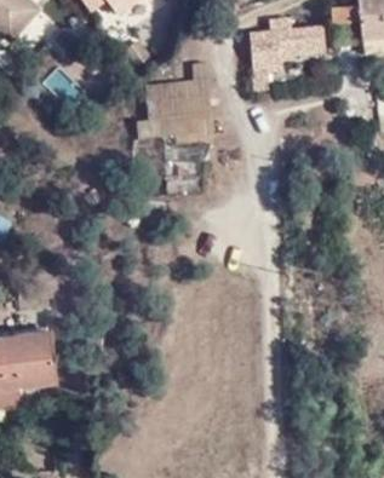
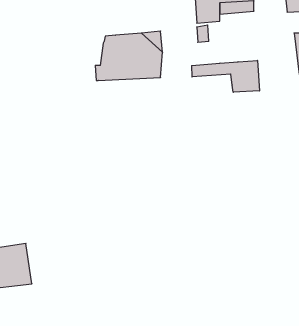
building: none -> [192,60,259,92]

